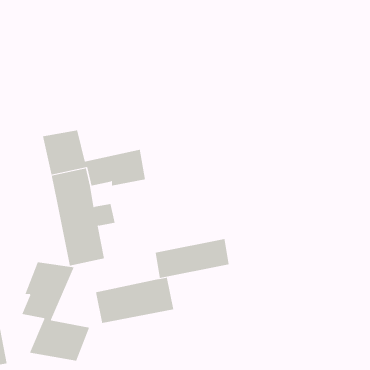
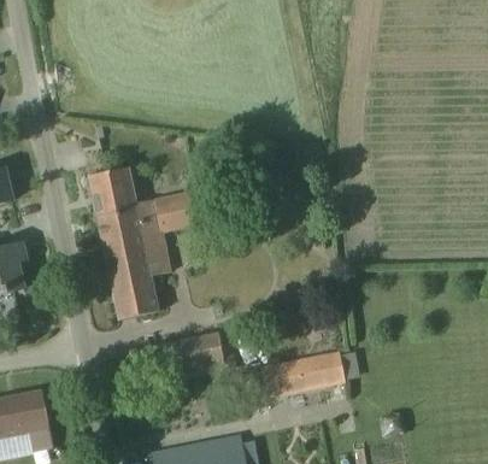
building: [155,239,229,279] -> [261,350,345,394]
building: [21,262,90,361] -> none

